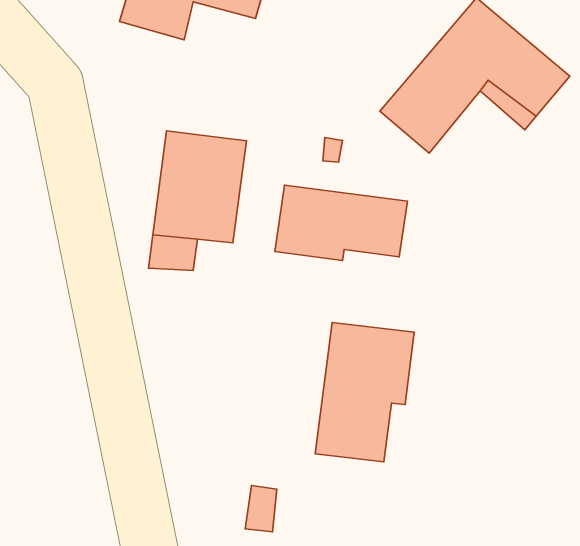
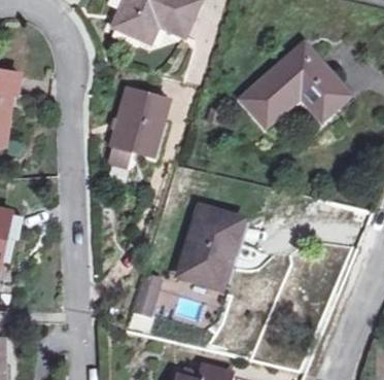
building: [275,185,407,261] -> none

